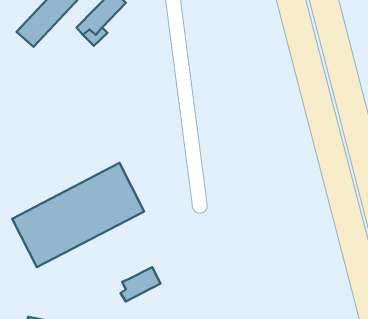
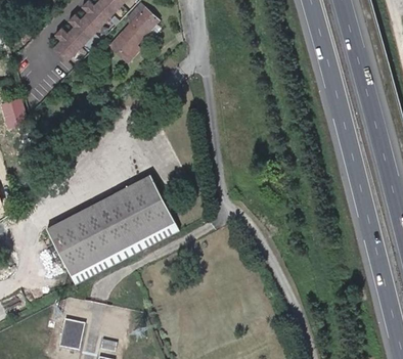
building: [121,267,161,302] -> none

